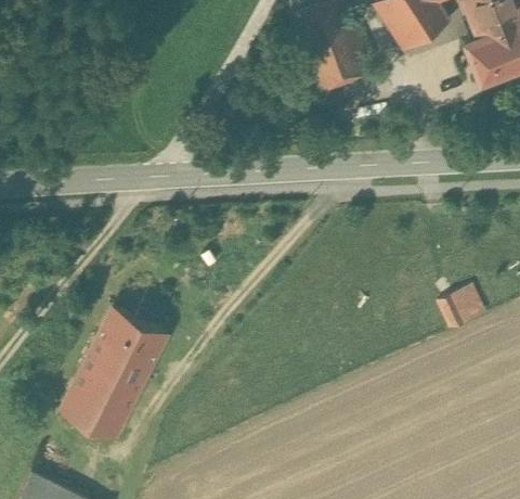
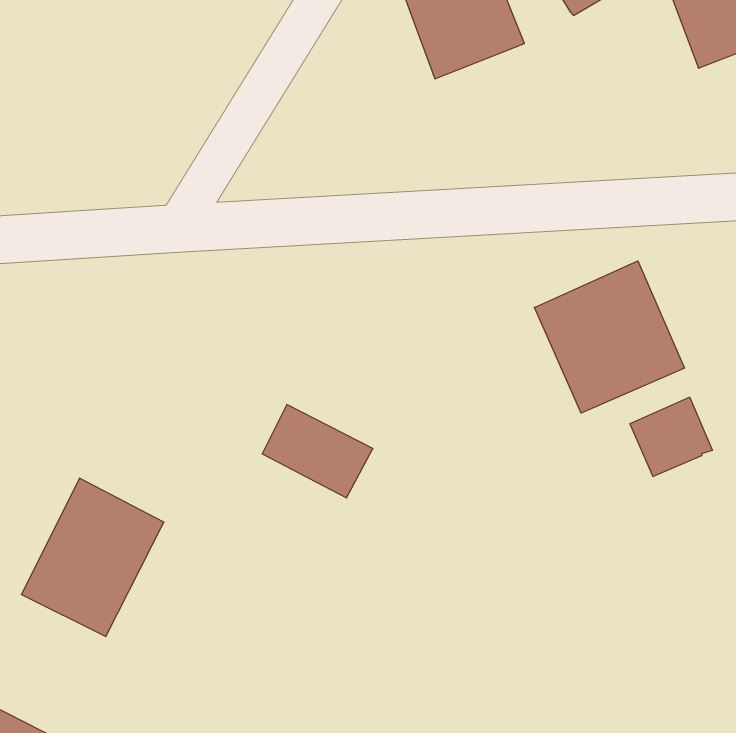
building: none -> [534,261,684,413]
building: [99,308,167,366] -> [262,405,373,498]

